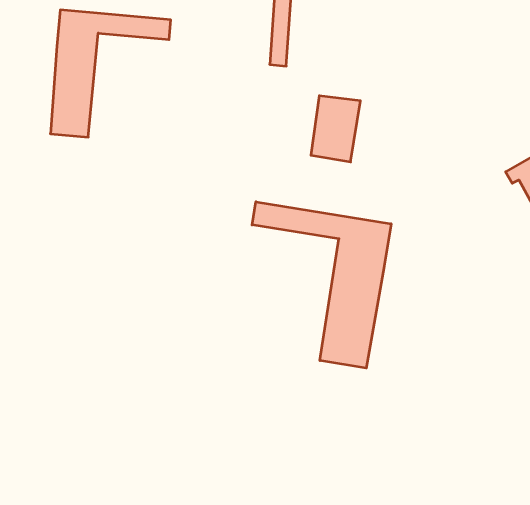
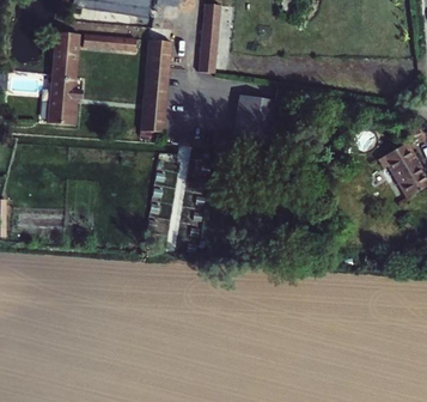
building: none -> [139,41,166,134]
building: [252,202,391,368] -> none

